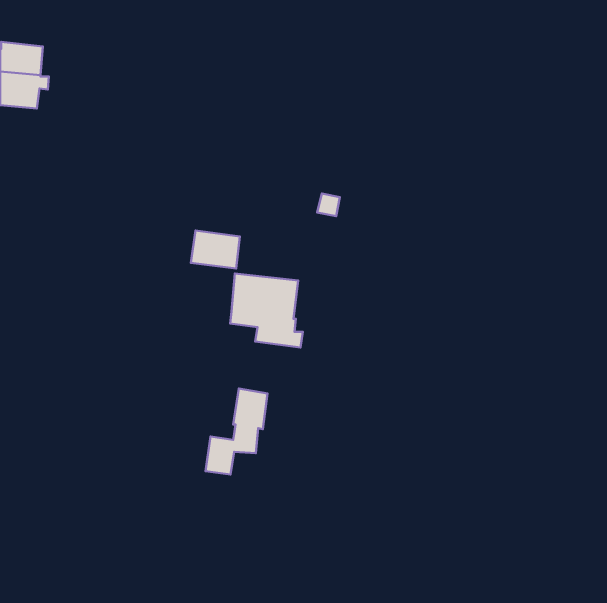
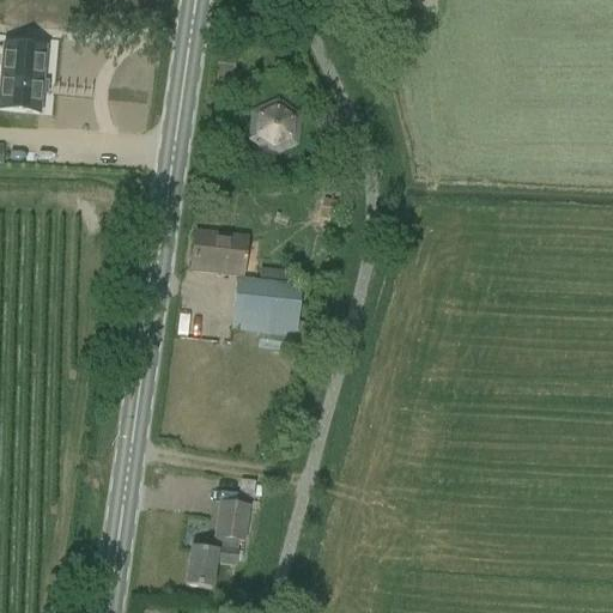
building: none -> [255,102,293,144]
building: [206,389,268,475] -> [187,498,249,584]

